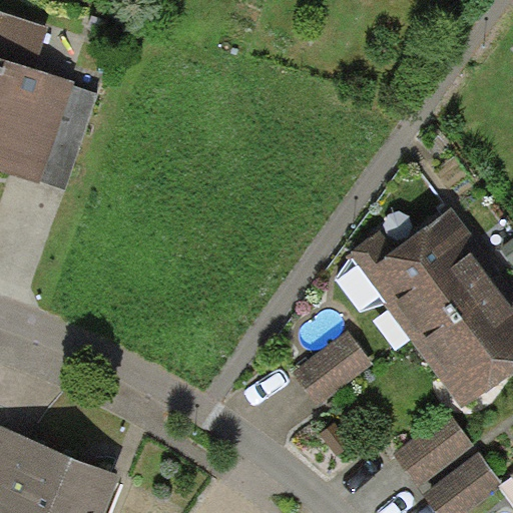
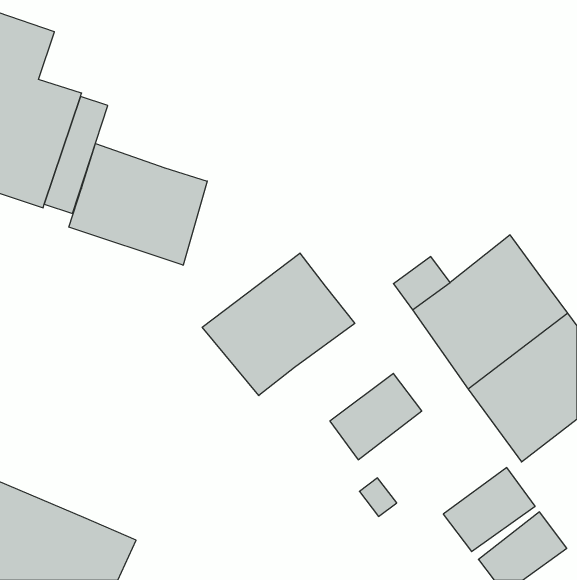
building: none -> [69,143,207,265]
building: none -> [202,253,355,396]

